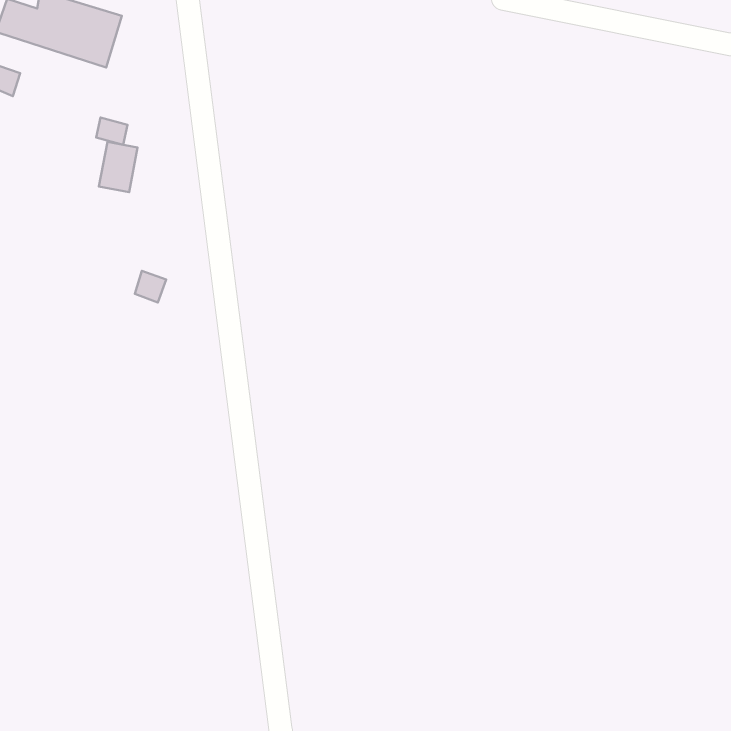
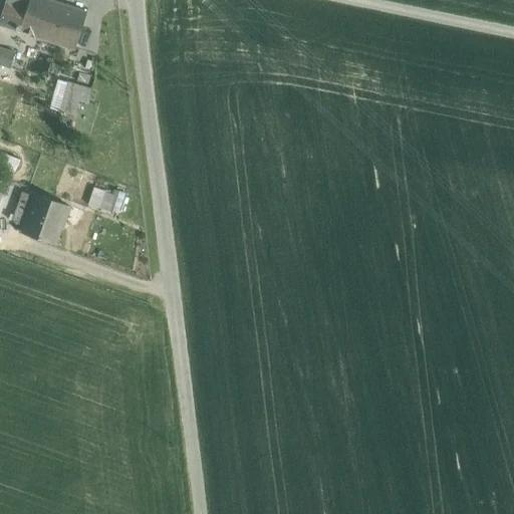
building: none -> [12,193,68,243]

